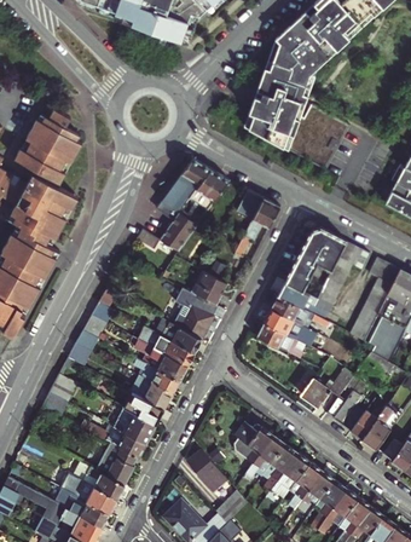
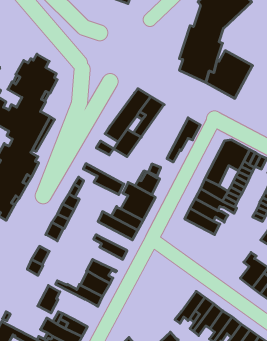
building: [131,338,186,380] -> [83,164,124,195]
building: [301,368,354,408] -> none
building: [129,375,173,408] -> none
building: [236,422,273,463] -> none
building: [106,446,137,484] -> [38,285,60,313]
building: [189,451,228,491] -> none

